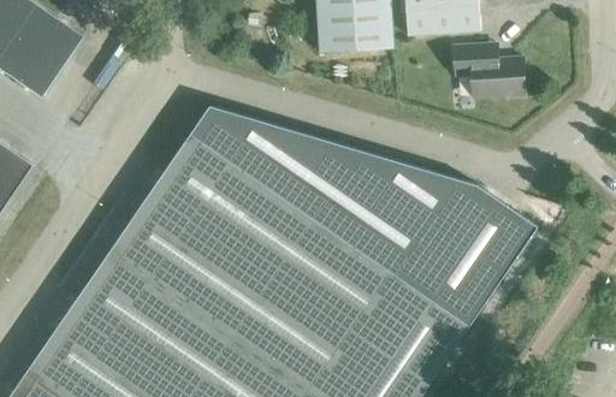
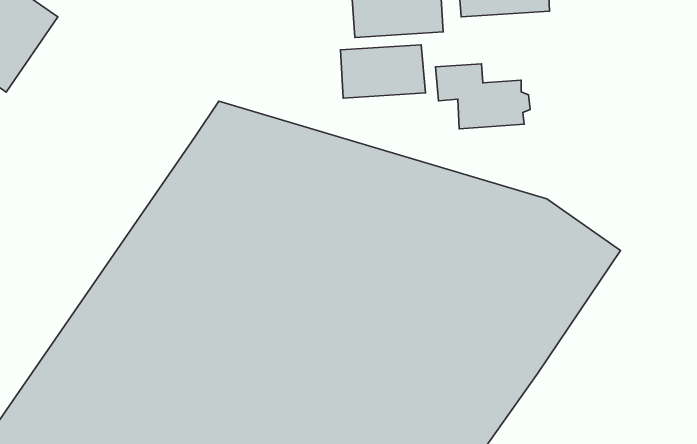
building: [452,45,529,97] -> [436,64,530,129]
building: none -> [340,45,425,98]

